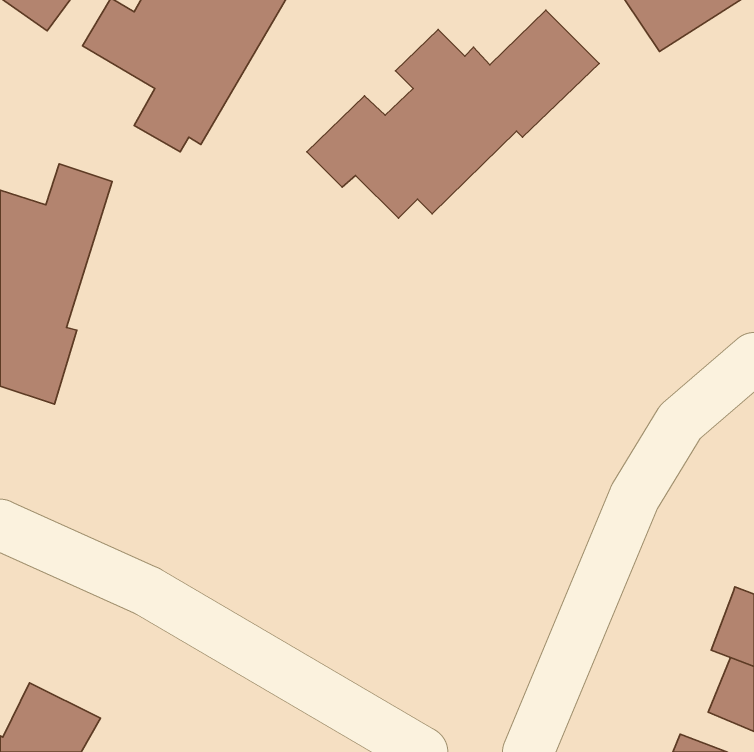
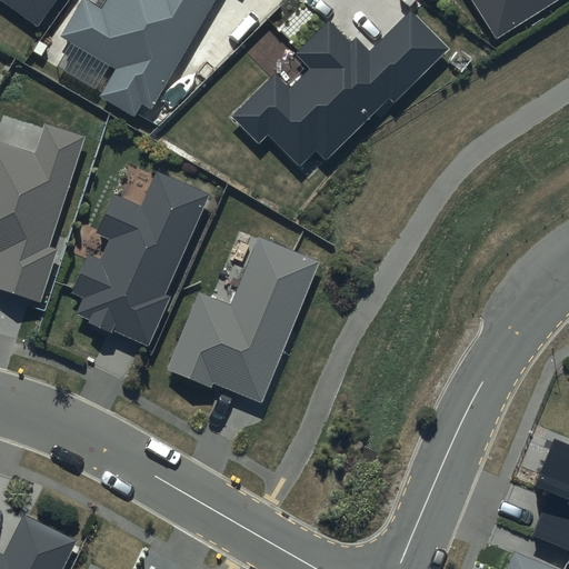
building: none -> [70,171,209,346]
building: none -> [168,237,319,402]

